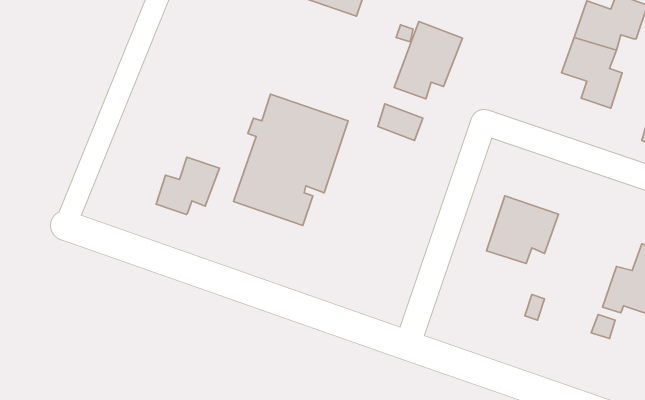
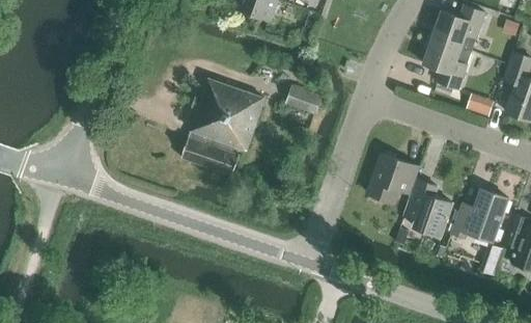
building: [394,21,462,99] -> none
building: [156,157,220,215] -> none
building: none -> [404,180,453,238]

